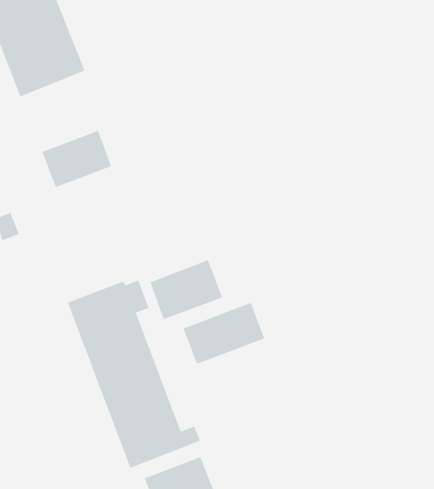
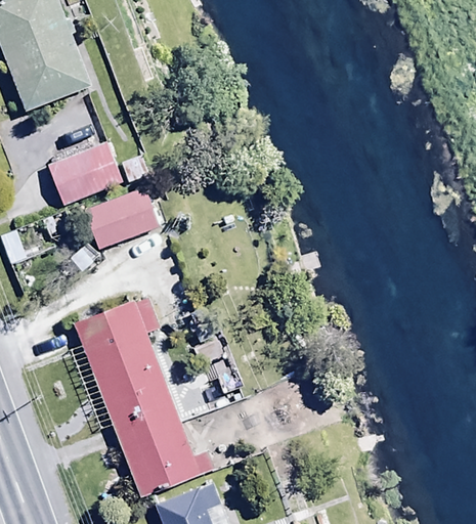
building: [149,259,223,320] -> [84,187,161,251]
building: [183,302,265,365] -> none

